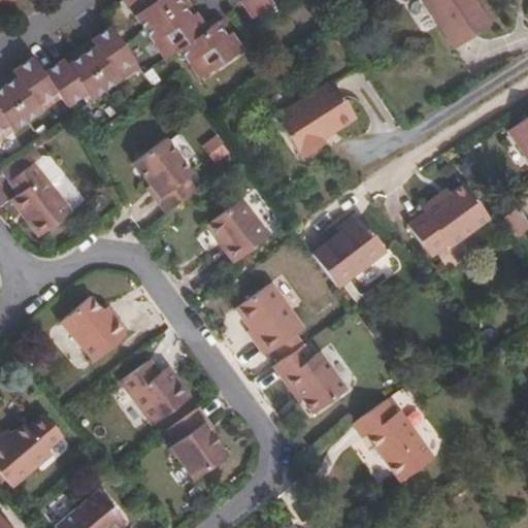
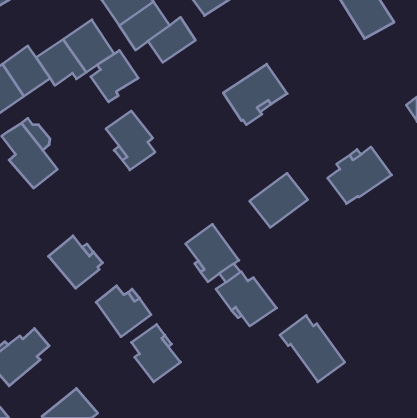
building: none -> [91,50,138,102]
building: [206,198,269,263] -> none

